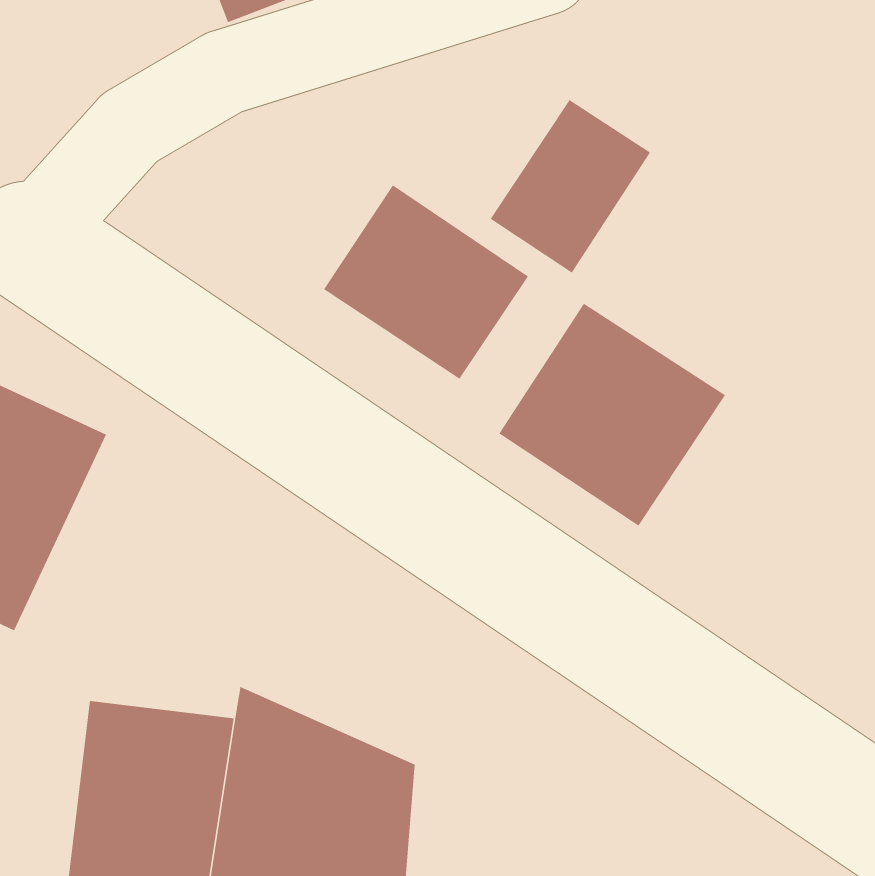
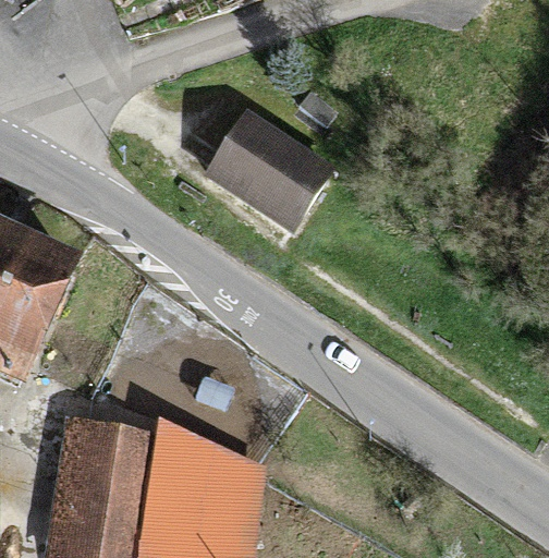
building: [490,99,651,274] -> none
building: [498,303,726,527] -> none

